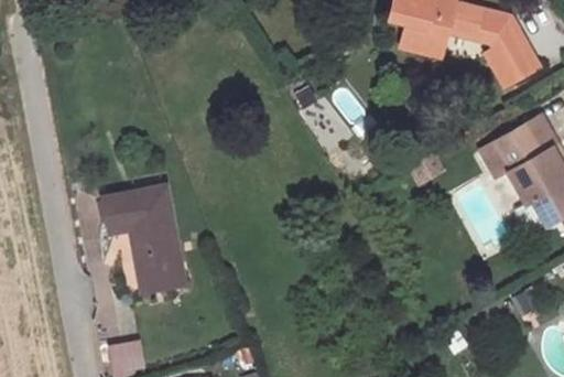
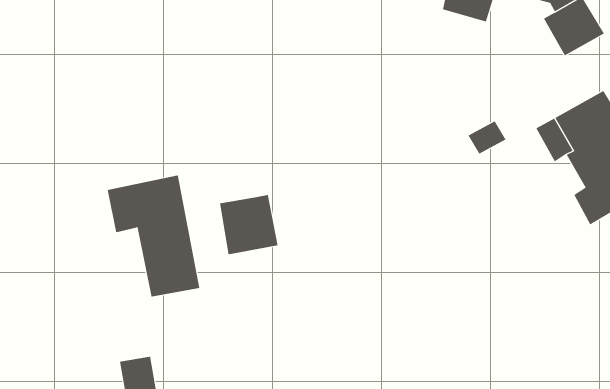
building: none -> [220,194,278,255]

